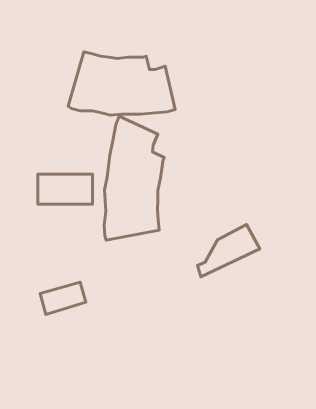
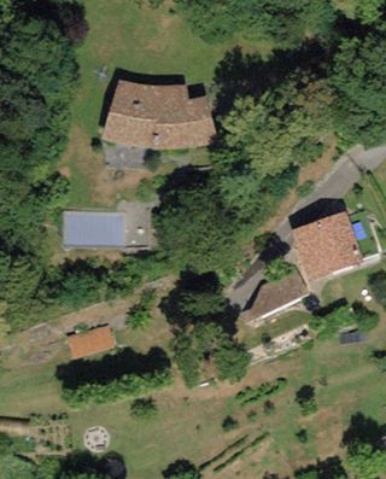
building: [104,116,164,240] -> none
building: none -> [290,210,362,279]

